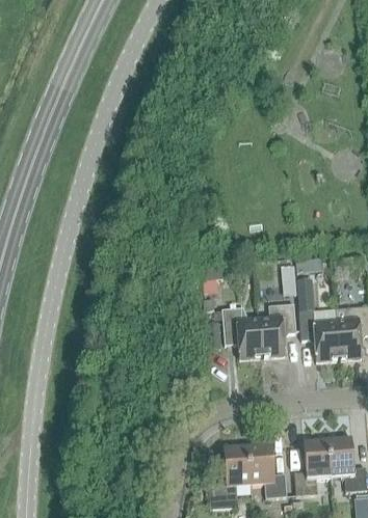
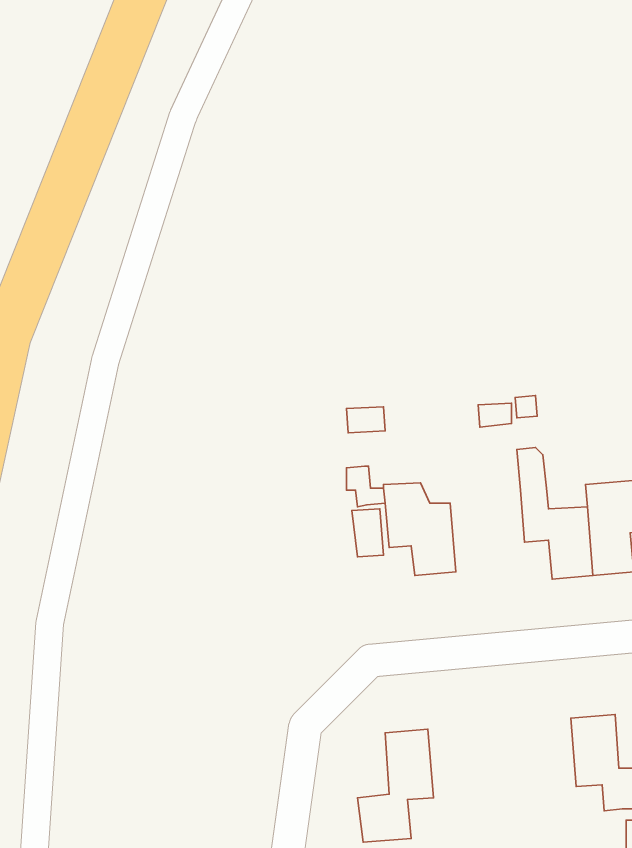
building: [260,302,297,356] -> none
building: [294,438,331,494] -> none
building: [247,442,288,496] -> none

